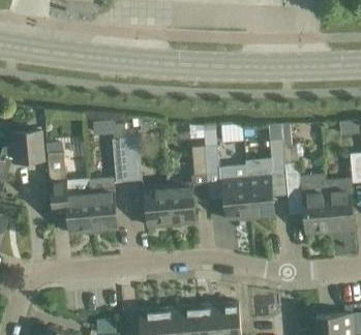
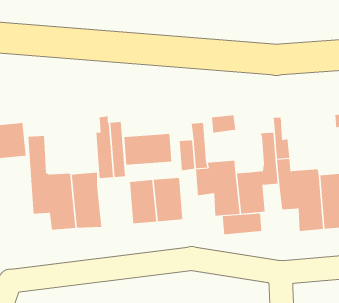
building: none -> [124,133,172,165]
building: none -> [222,213,262,235]

